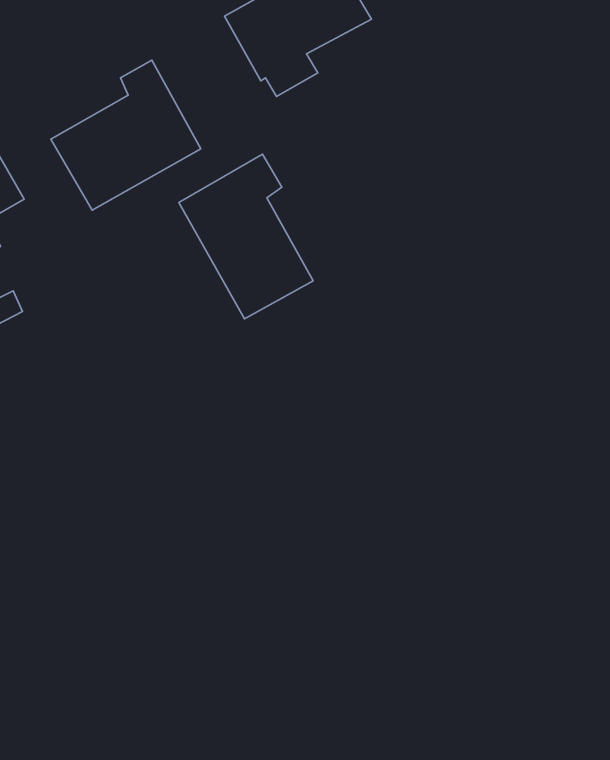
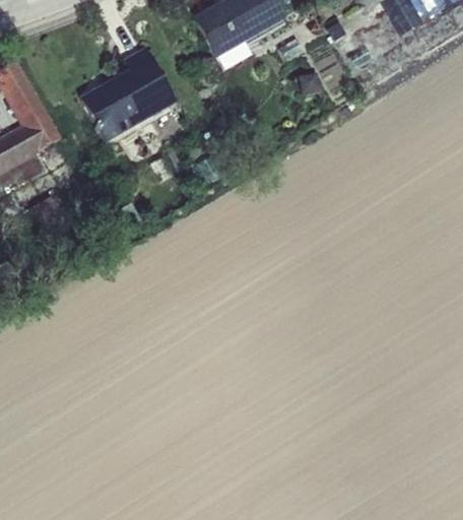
building: [179,154,313,319] -> none

